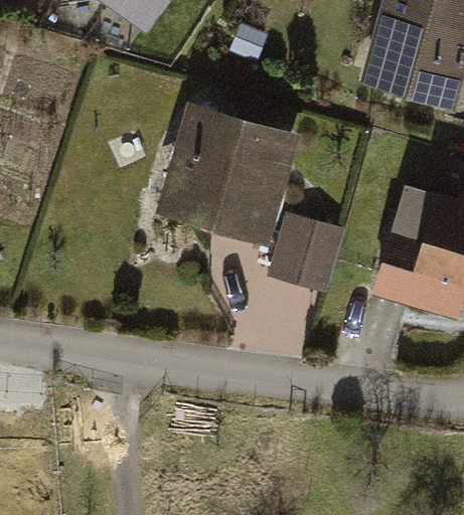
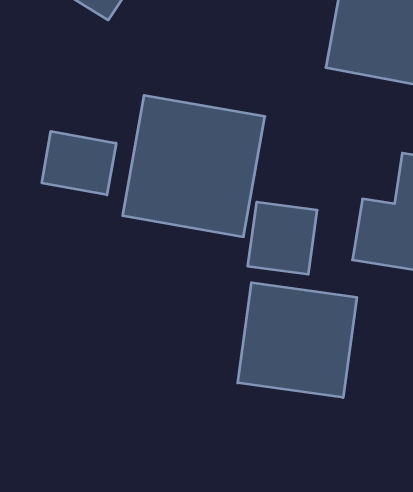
building: none -> [42,131,116,195]
building: none -> [238,283,357,398]

